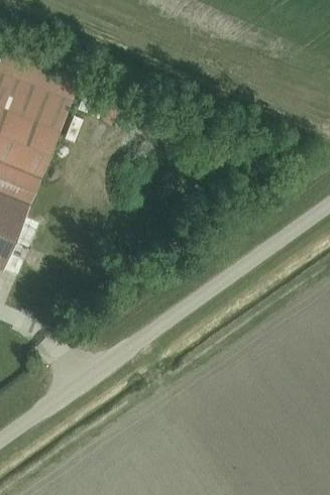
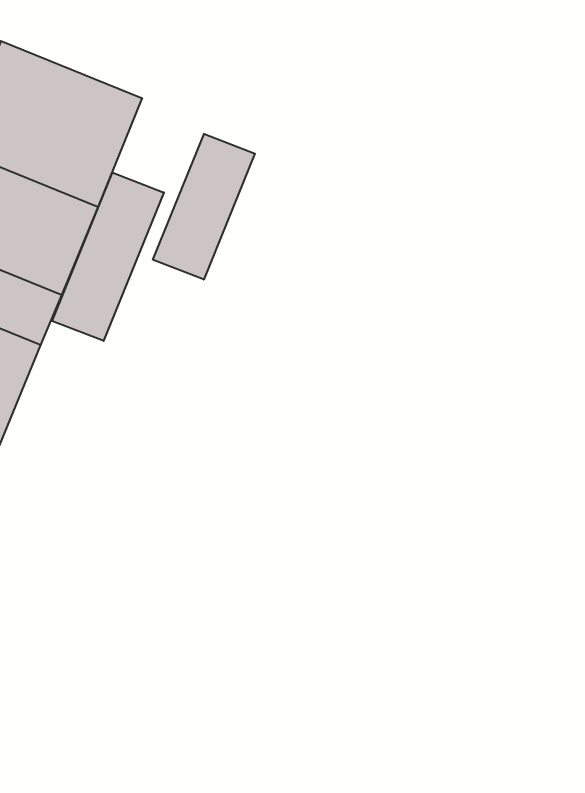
building: none -> [153,134,255,280]
building: none -> [52,172,164,341]

